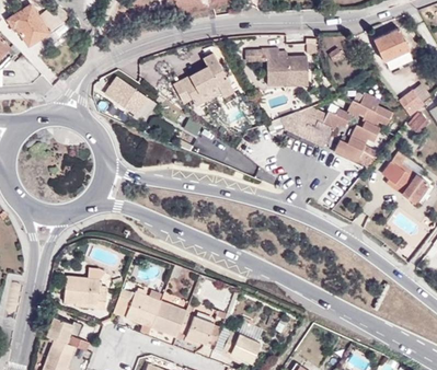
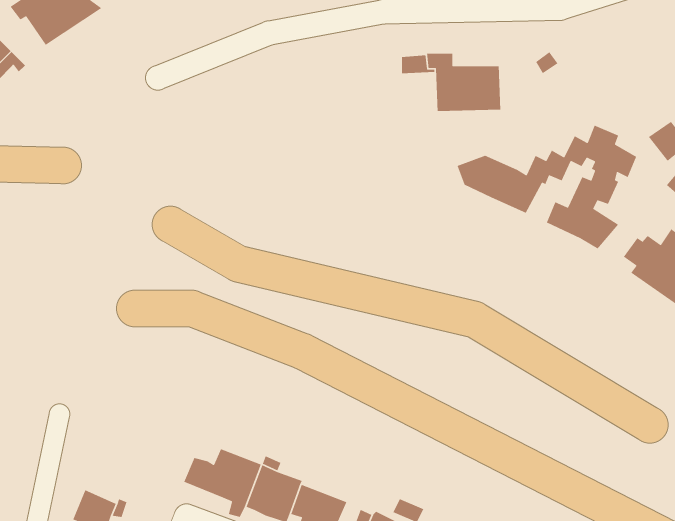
building: [375,28,409,60] -> none
building: [173,54,234,107] -> none
building: [106,78,147,115] -> none
building: [64,267,106,309] -> none

